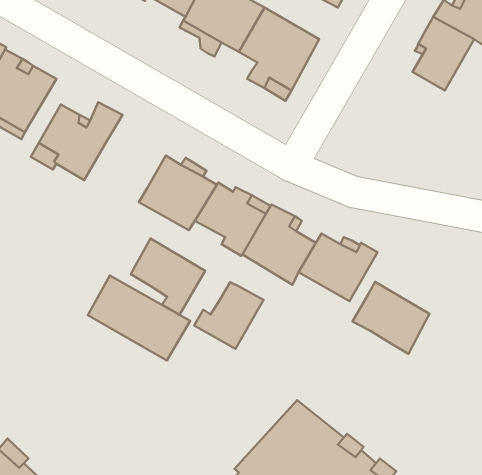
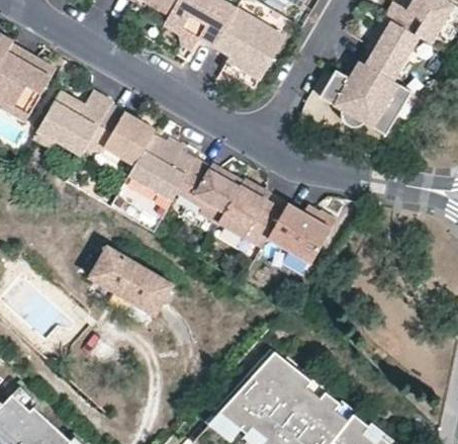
building: none -> [322,61,413,135]
building: none -> [99,106,155,165]
building: [131,239,205,315] -> none
building: [353,282,429,354] -> none
building: [194,282,264,349] -> none

